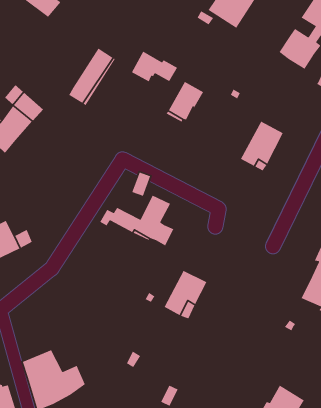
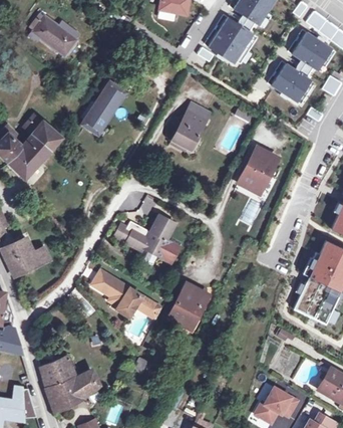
building: [131,51,178,83] -> none
building: none -> [93,270,142,316]

